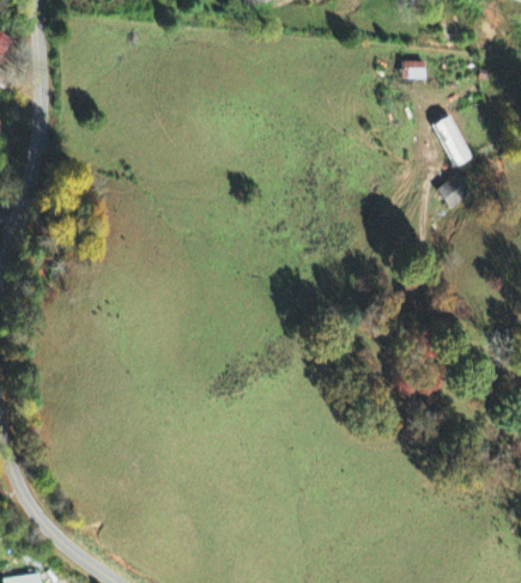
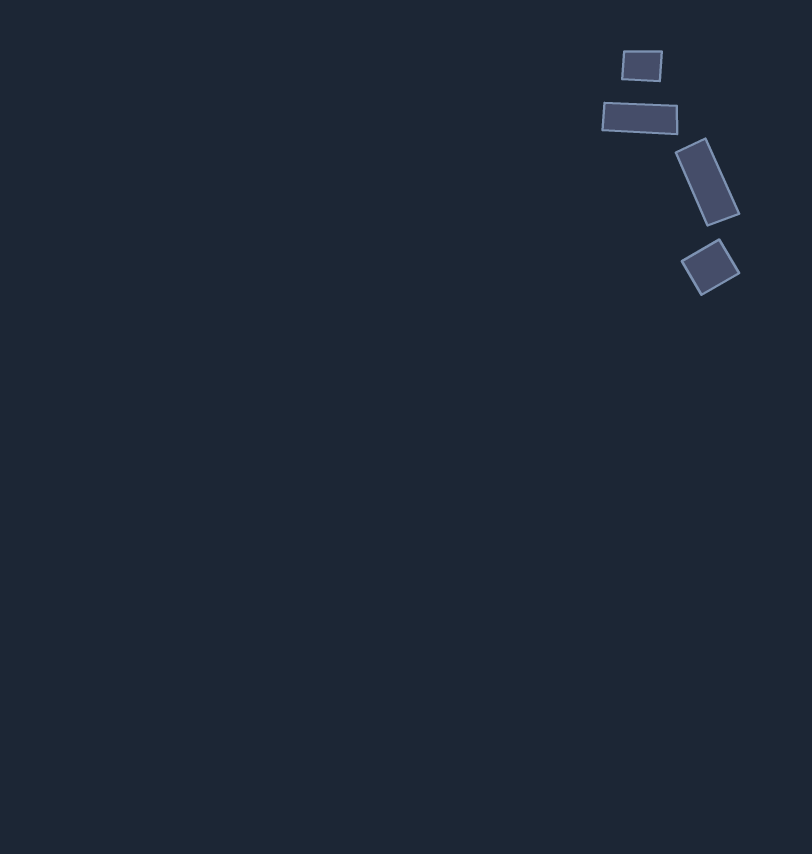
building: none -> [603,103,677,134]

